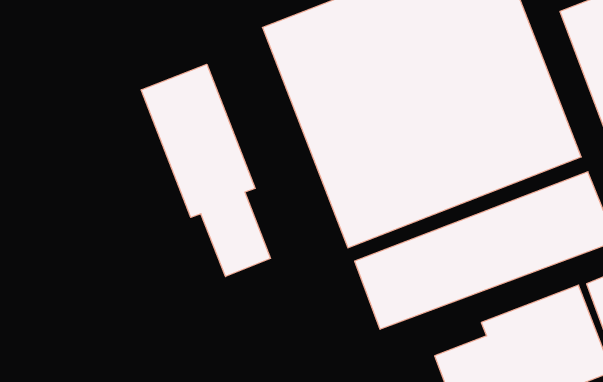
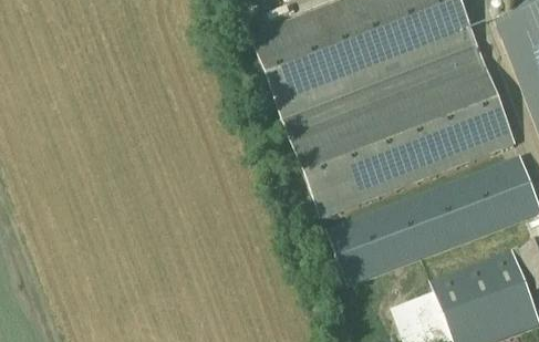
building: [141,64,271,277] -> none

